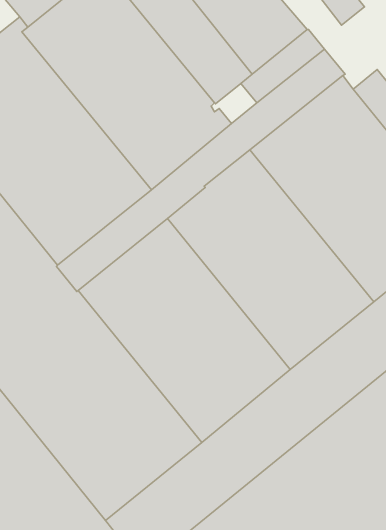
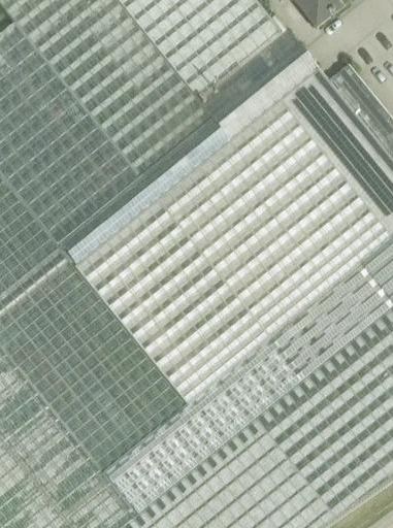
building: none -> [199,84,240,120]

